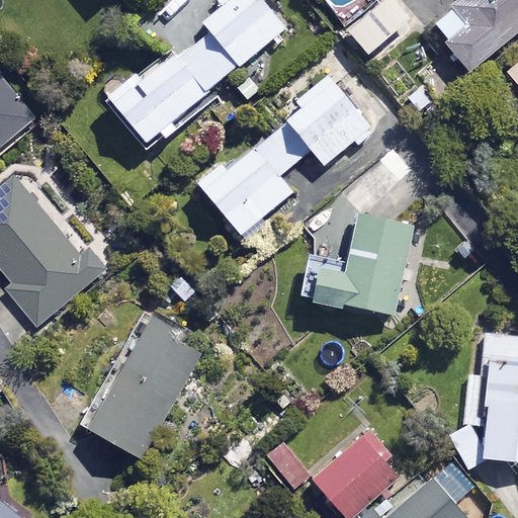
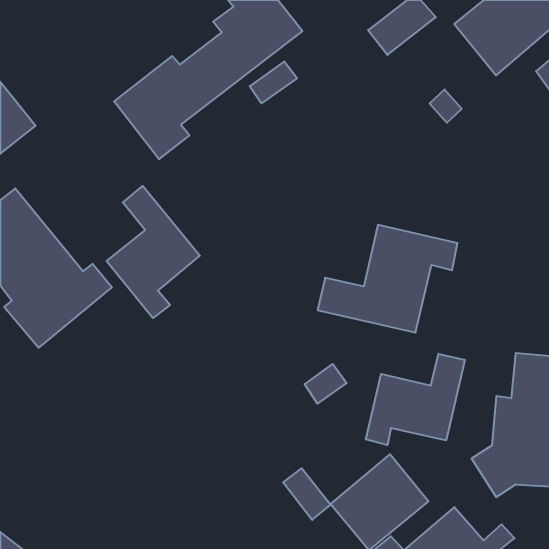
building: [197,76,369,241] -> none
building: none -> [107,186,200,318]
building: [87,320,202,455] -> none
building: none -> [366,354,465,445]

